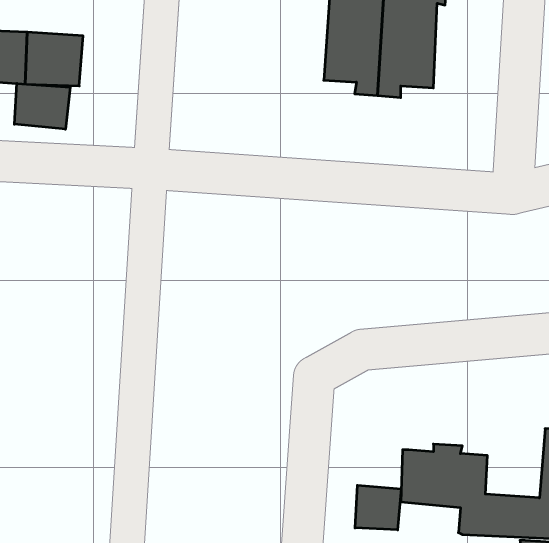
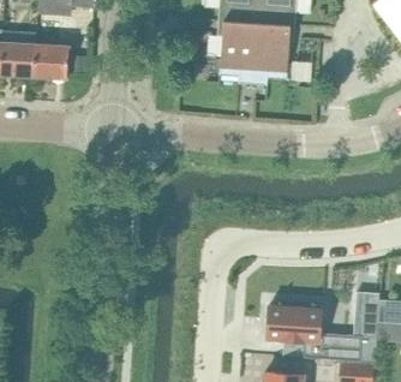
building: [14,83,70,129] -> none
building: [355,485,401,530] -> none

